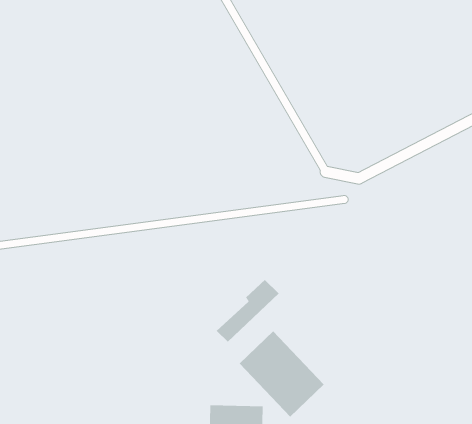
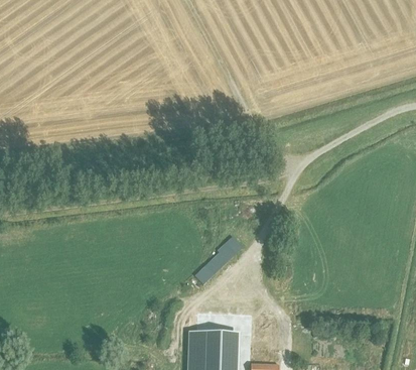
building: [239,330,324,417] -> none

